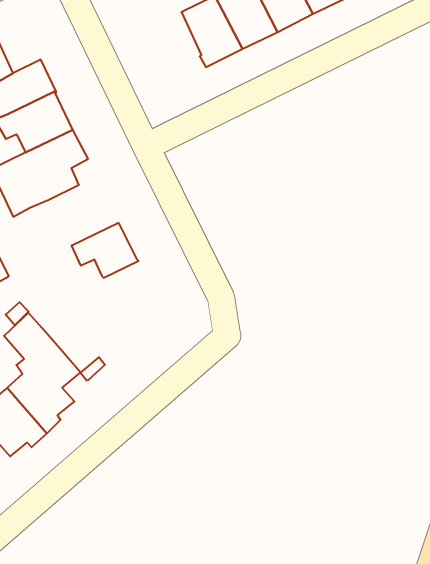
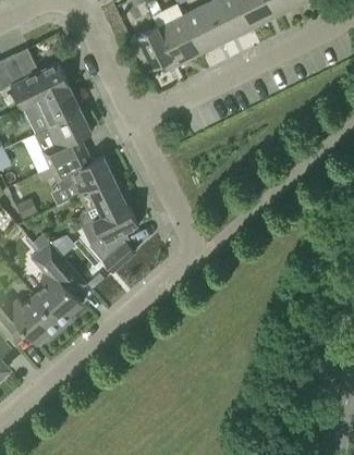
building: none -> [130,26,175,72]
building: none -> [50,150,113,194]
building: none -> [88,205,138,272]

